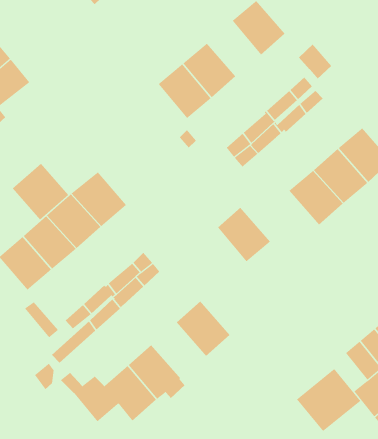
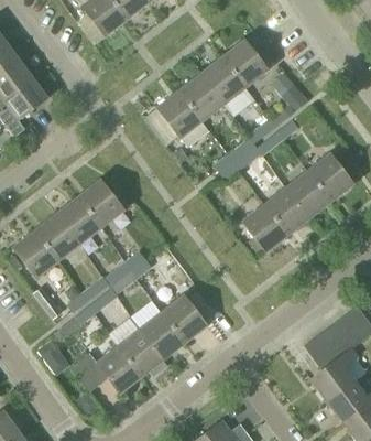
building: none -> [201,56,258,106]
building: [12,163,69,220] -> none
building: [217,207,271,262] -> [243,204,288,251]
building: none -> [140,311,186,359]
building: [296,368,361,432] -> none

